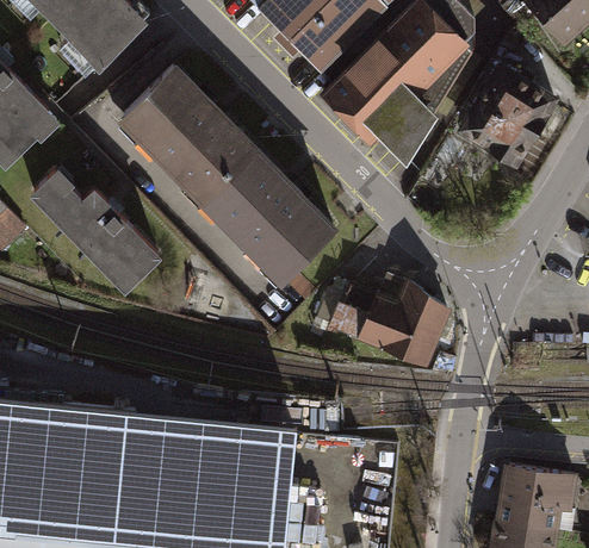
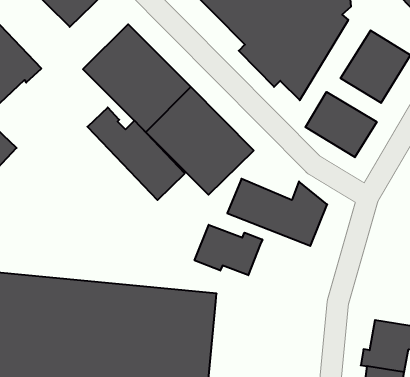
building: none -> [305,92,377,157]
building: [30,170,161,295] -> [87,107,185,200]
building: none -> [195,225,262,275]

